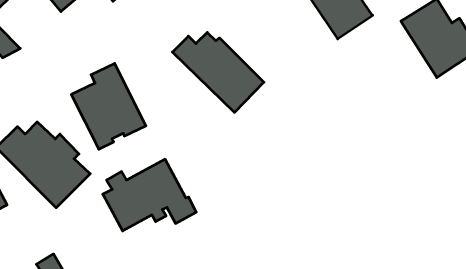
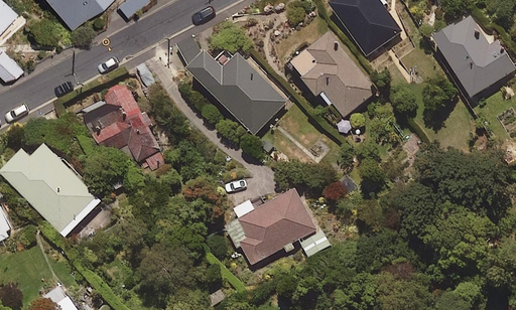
building: none -> [289,33,376,118]
building: [103,159,196,231] -> [229,188,329,265]

